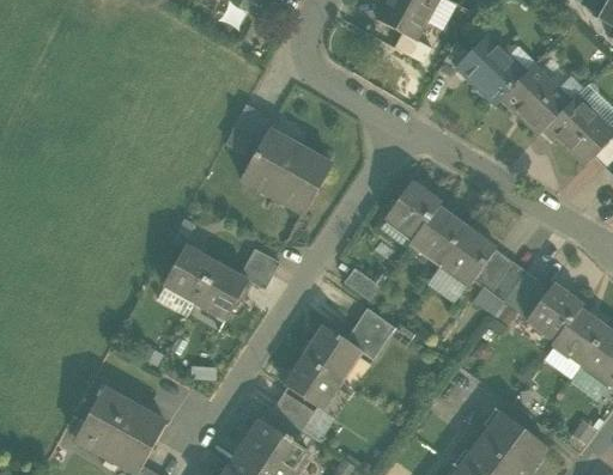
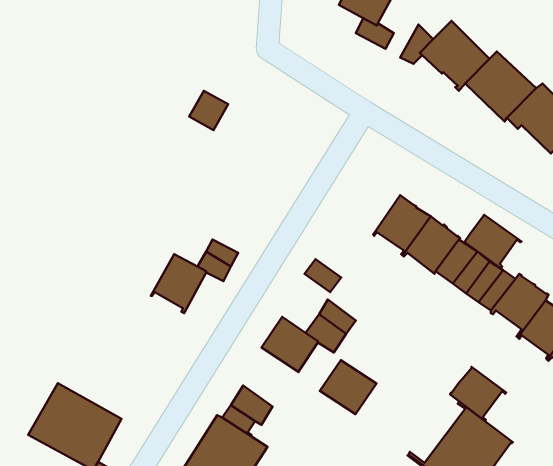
building: [241,129,332,215] -> none
building: [384,181,441,244] -> none
building: none -> [465,215,521,269]
building: [163,245,217,304] -> none
building: [281,354,336,407] -> [320,360,376,414]
building: none -> [450,367,506,421]

